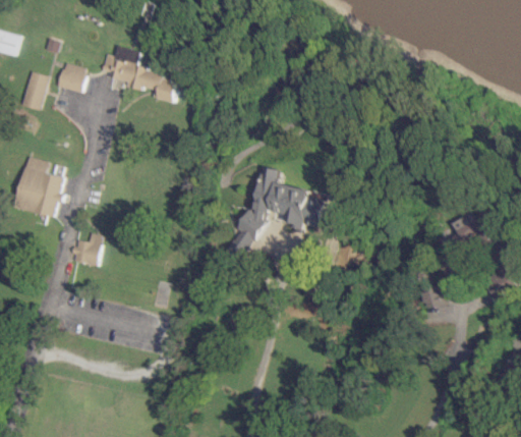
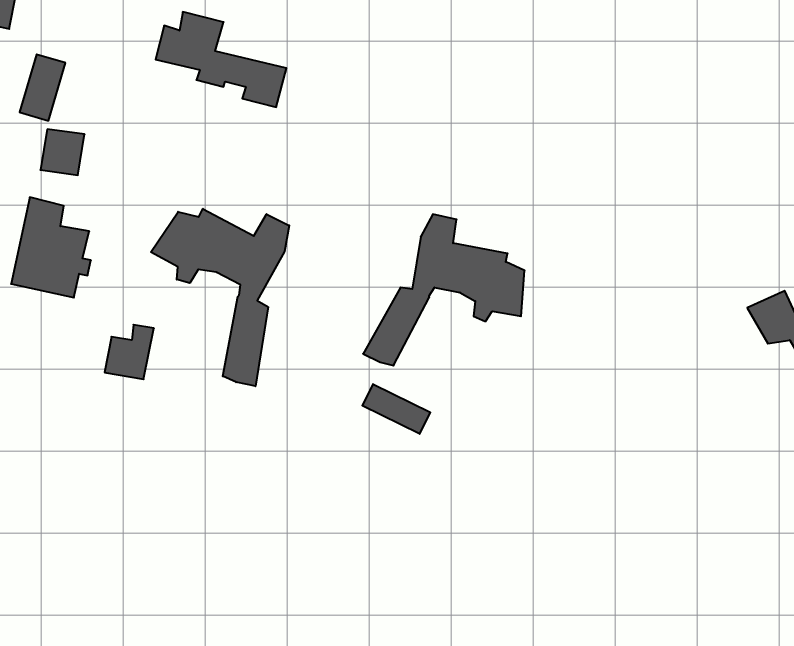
building: [58,63,84,91] -> [40,129,85,175]
building: none -> [151,209,289,386]
building: none -> [362,384,430,434]

